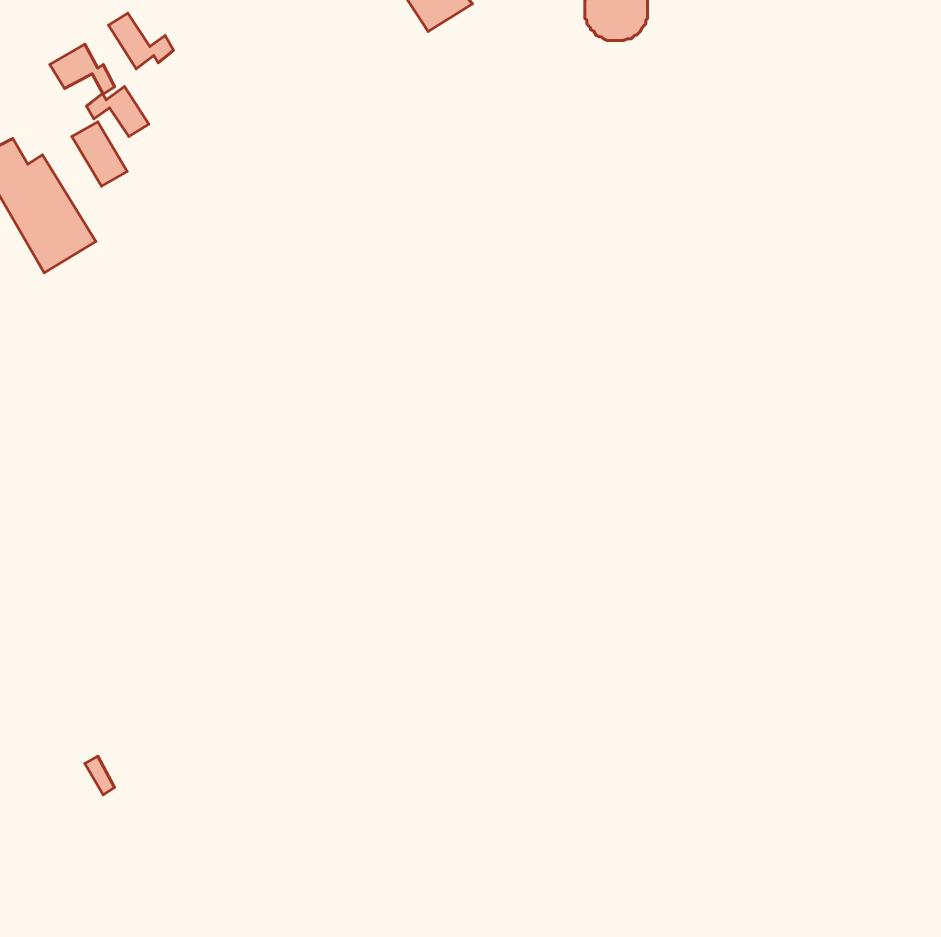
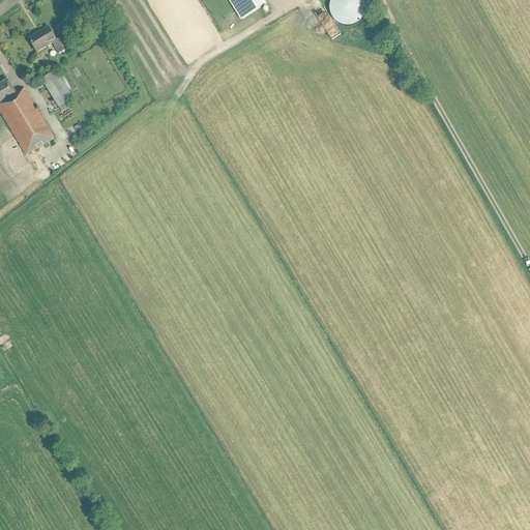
building: [108,13,174,69] -> none
building: [87,87,149,136] -> none

